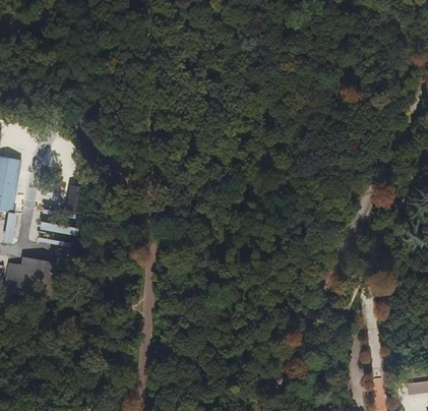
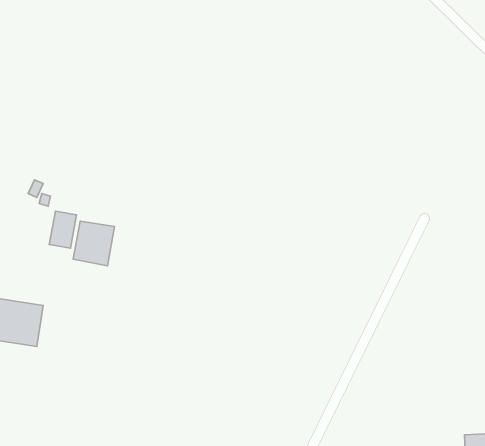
building: none -> [73,221,115,266]

